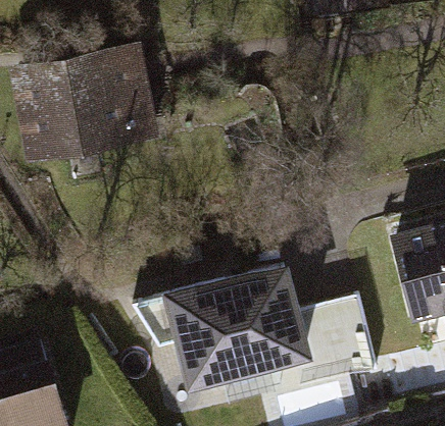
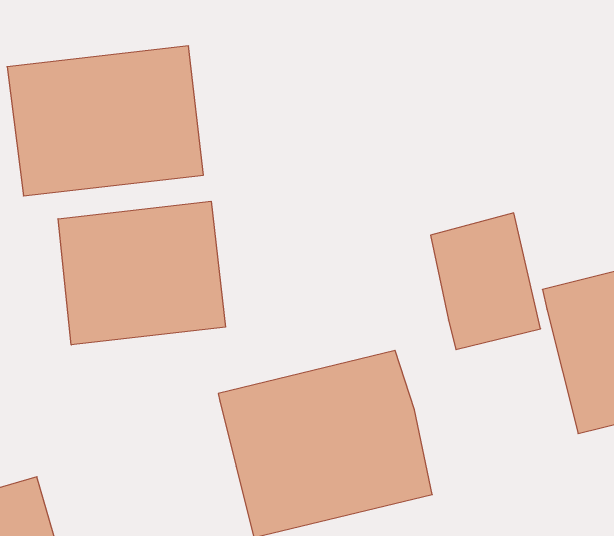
building: none -> [58,201,225,345]
building: [299,291,375,385] -> [431,213,541,350]

